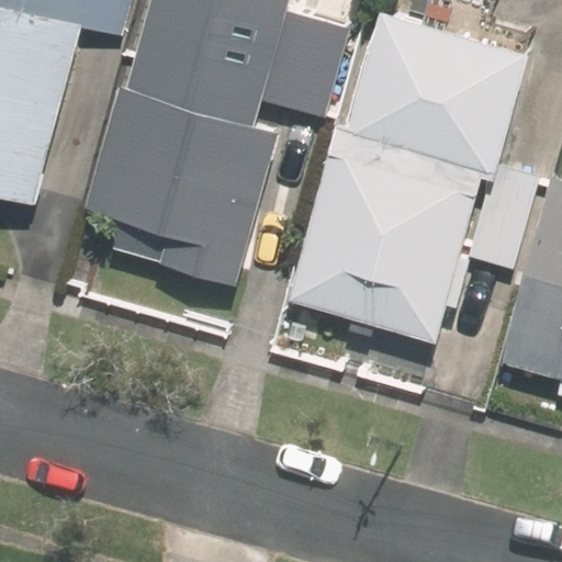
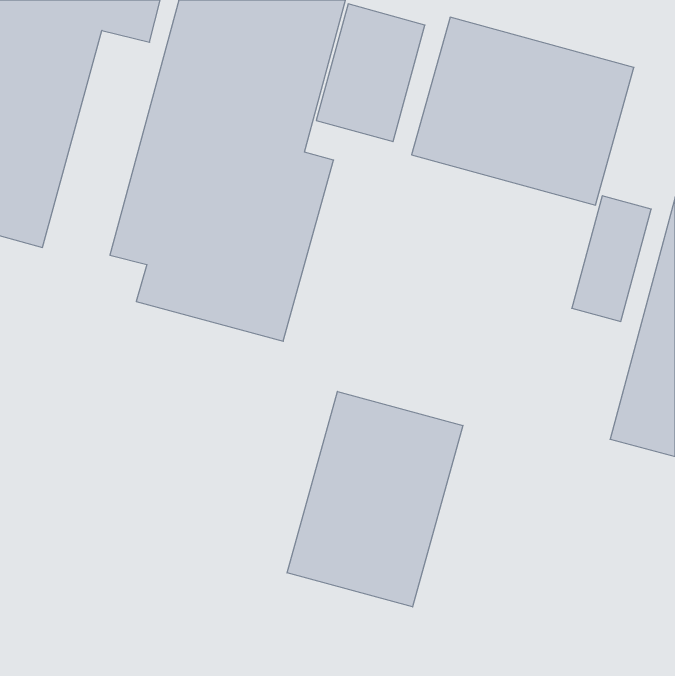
building: [284,155,475,341] -> none
building: none -> [287,391,463,607]

